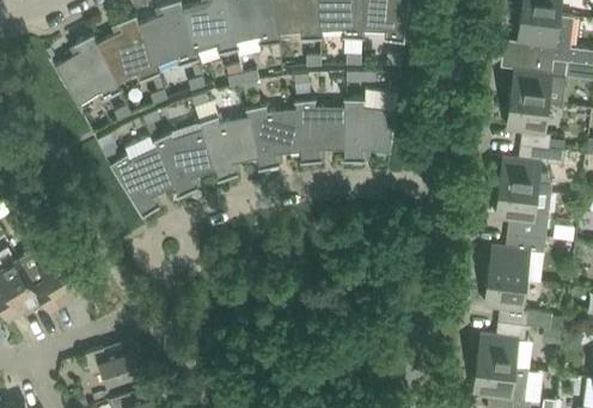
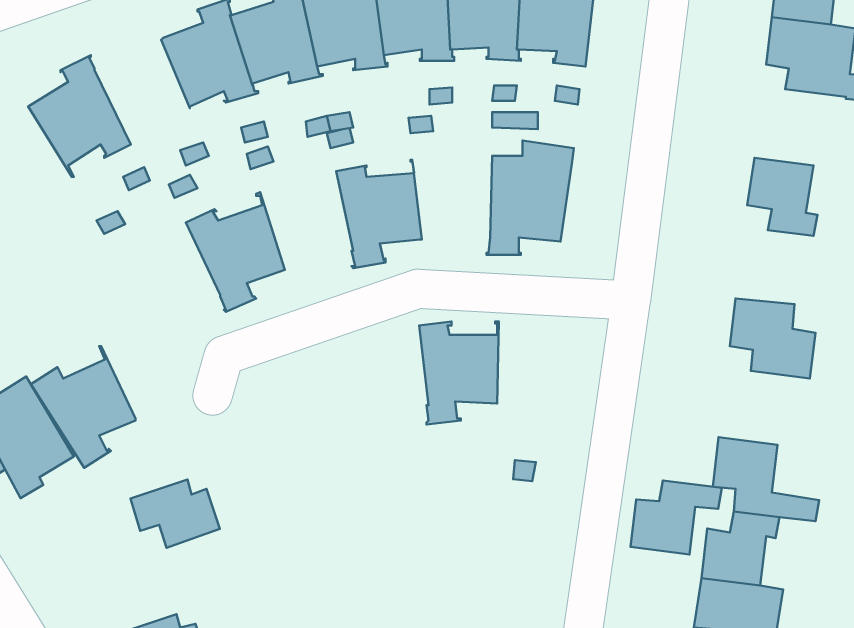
building: [96,16,159,92] -> none
building: [511,57,568,106] -> none
building: [295,99,346,164] -> [419,322,499,424]
building: [200,109,258,182] -> none
building: [109,141,175,218] -> [31,346,135,468]
building: [499,146,563,195] -> none
building: [488,235,545,281] -> [631,480,722,555]
building: [85,342,141,385] -> [131,479,220,548]

